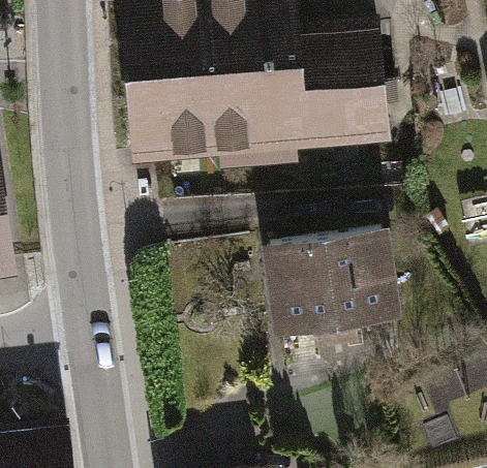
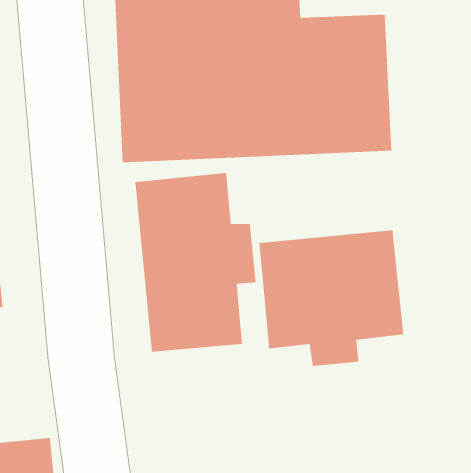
building: none -> [135,172,256,352]

